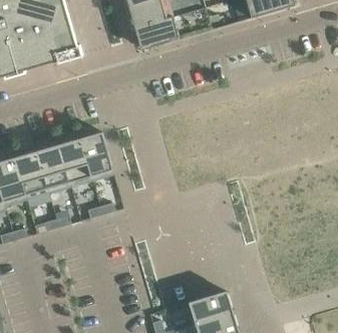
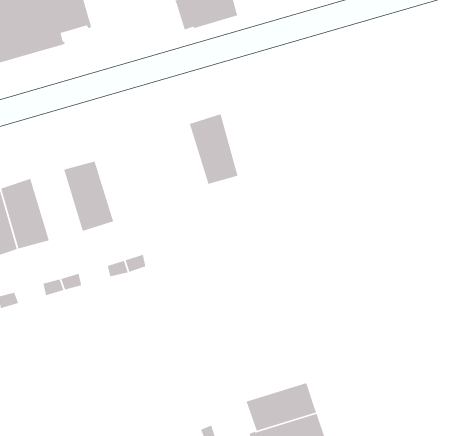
building: [80,130,114,180] -> [189,113,239,185]
building: [36,143,71,193] -> none

